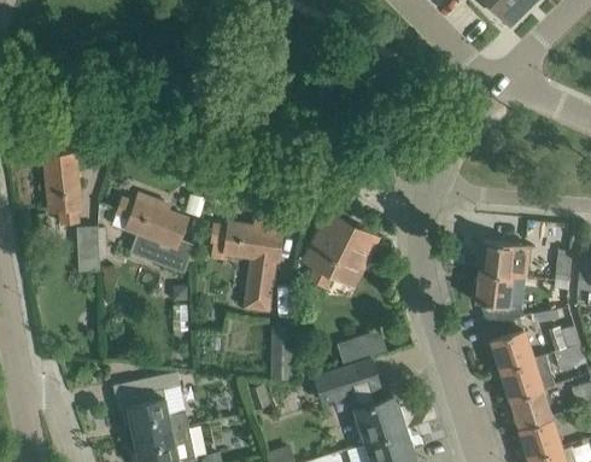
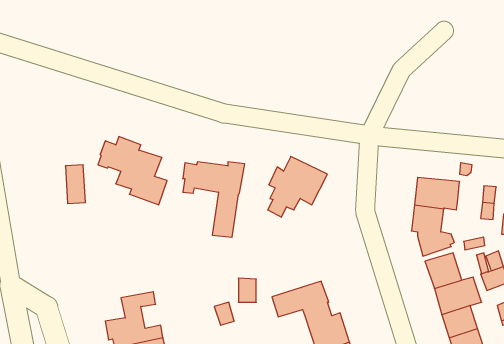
building: [43,154,80,223] -> none
building: [337,331,387,368] -> none

